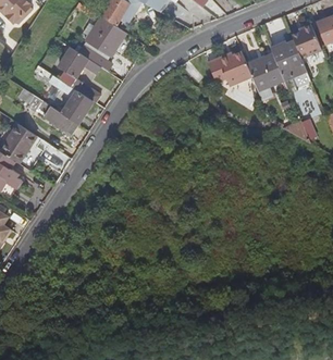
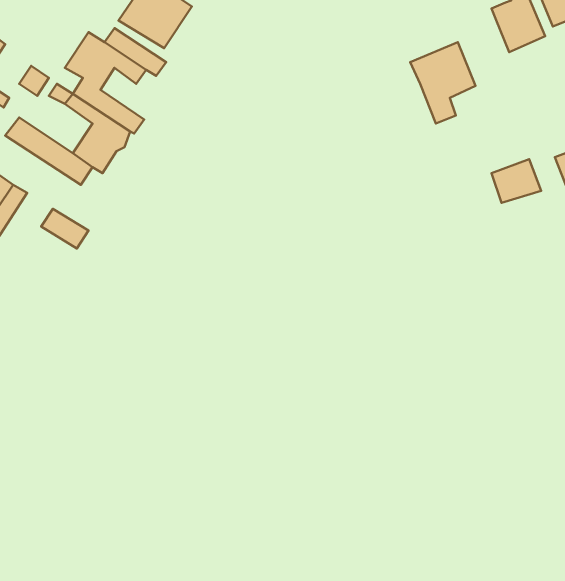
building: [271,39,307,78] -> none
building: [209,50,252,85] -> none

